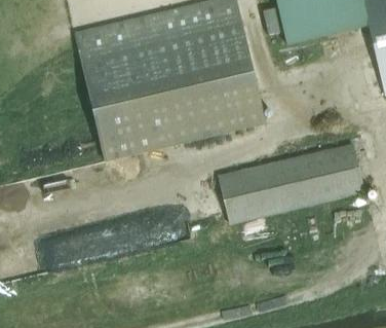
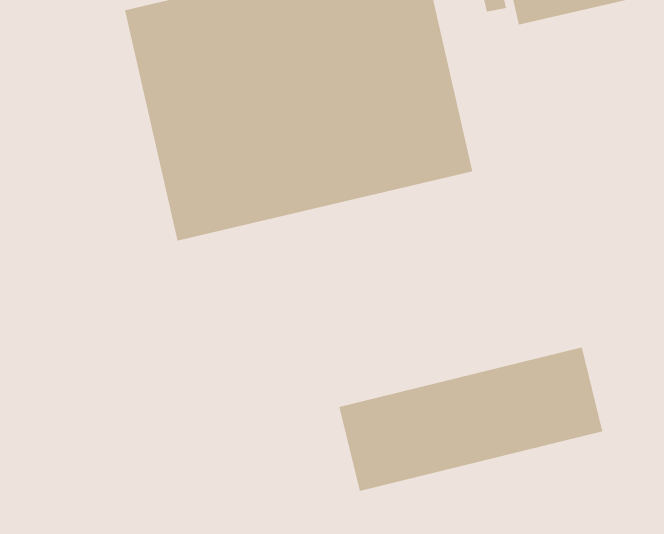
building: [219,144,363,223] -> [338,347,603,492]

